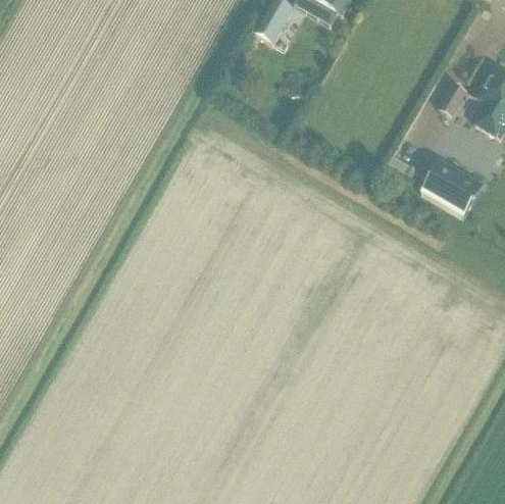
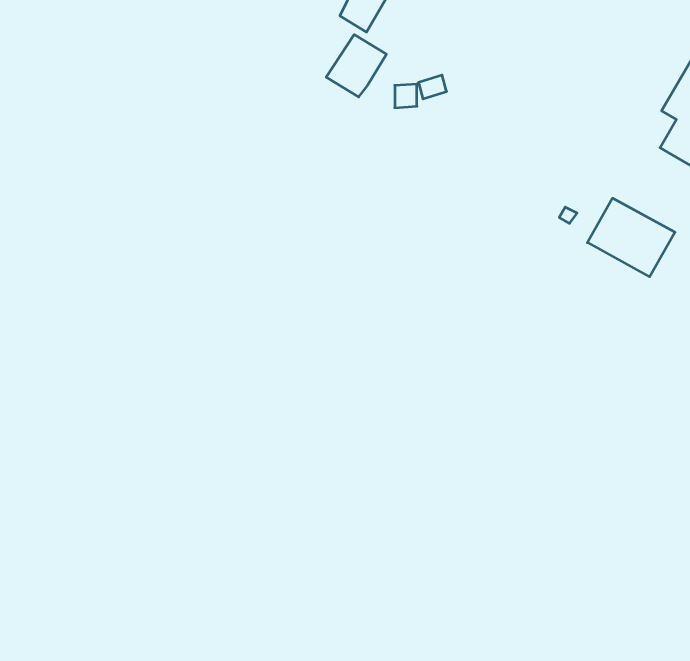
building: none -> [326,35,386,97]

